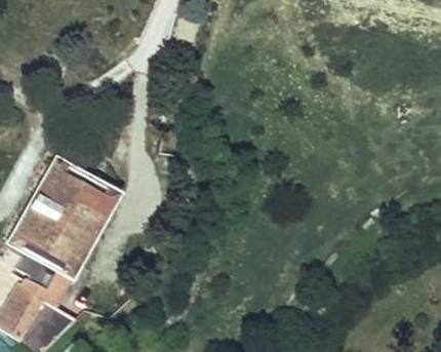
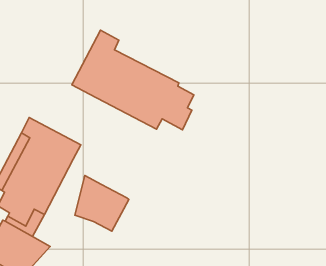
building: none -> [72,30,194,130]
building: none -> [75,176,129,231]

